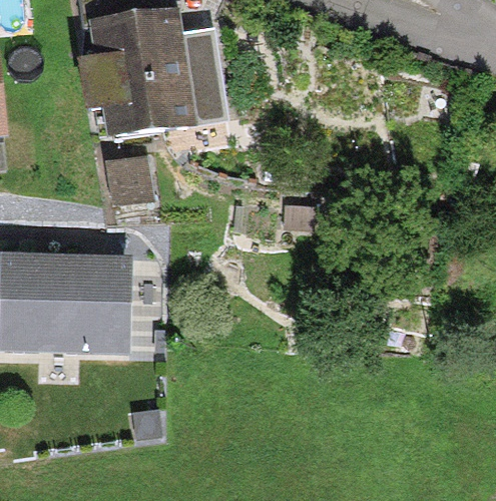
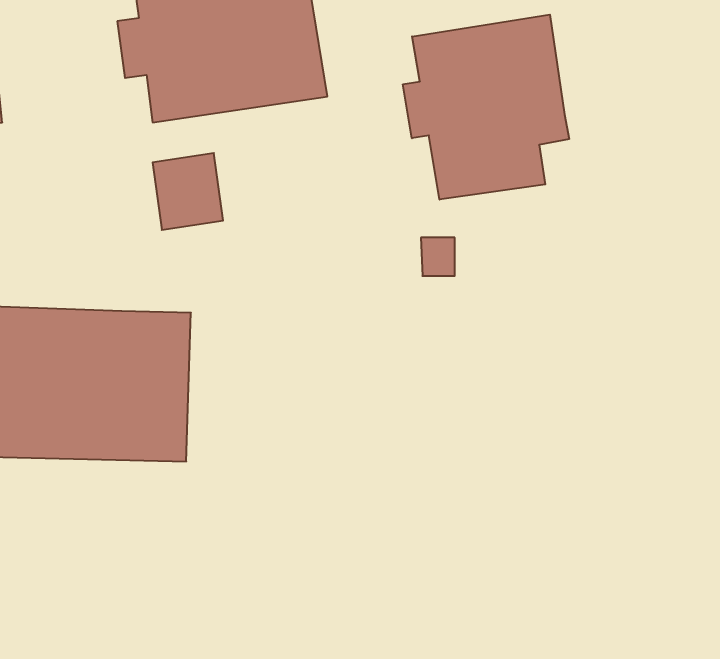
building: none -> [403,15,569,200]

